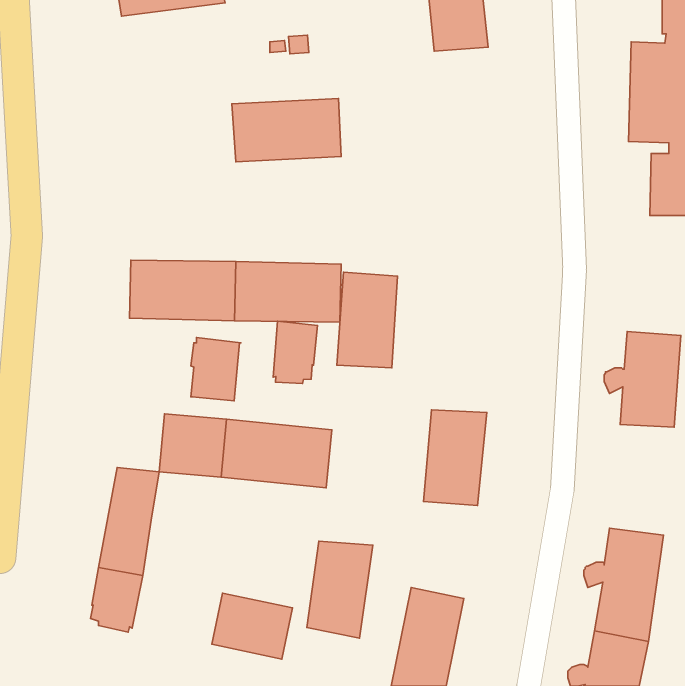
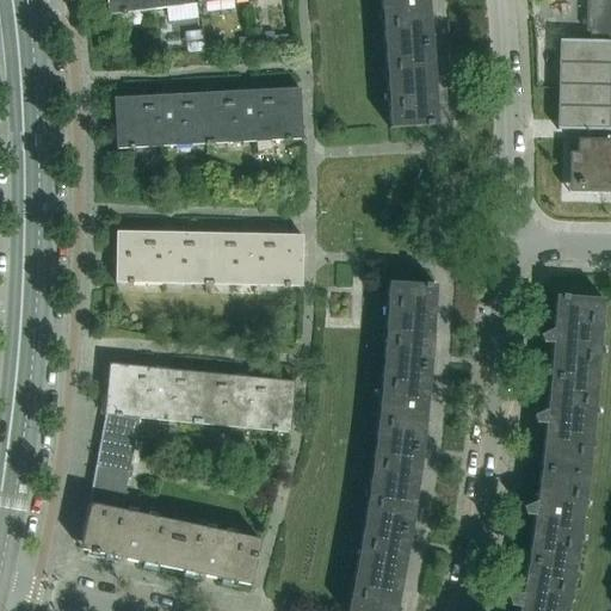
building: none -> [388,42,440,126]
building: none -> [117,92,212,148]
building: [337,272,397,368] -> [385,280,439,365]
building: [273,321,318,384] -> none
building: [191,338,241,401] -> [106,362,150,418]
building: none -> [531,376,600,474]
building: [307,541,373,638] -> [368,444,426,530]
building: none -> [121,510,200,570]

